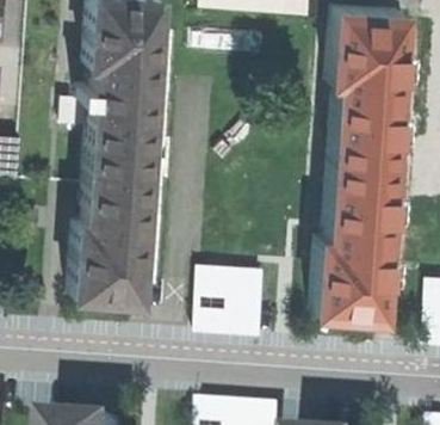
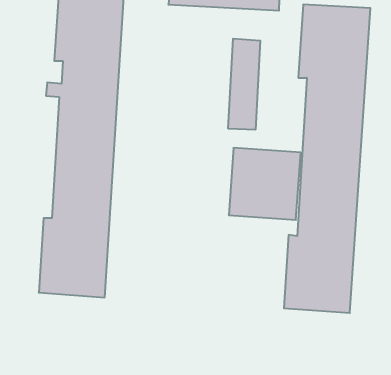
building: none -> [228,39,260,130]
building: [198,263,269,334] -> [229,148,301,220]

